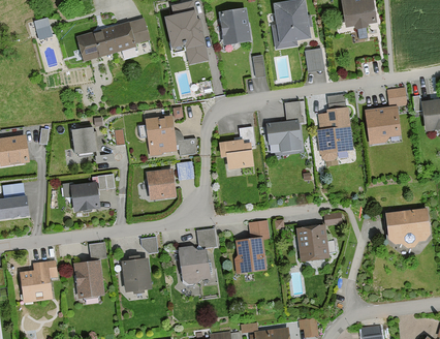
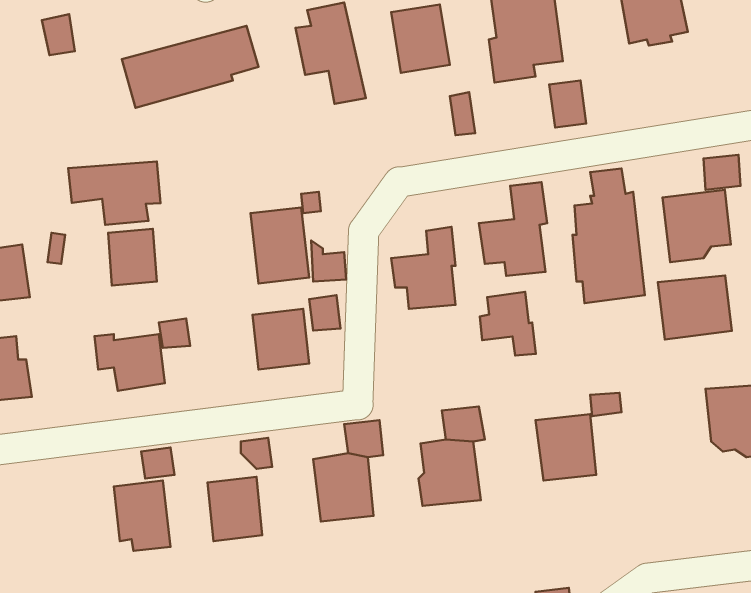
building: none -> [68,162,160,225]
building: none -> [658,275,732,339]
building: none -> [480,292,536,355]
building: [20,259,57,302] -> none

